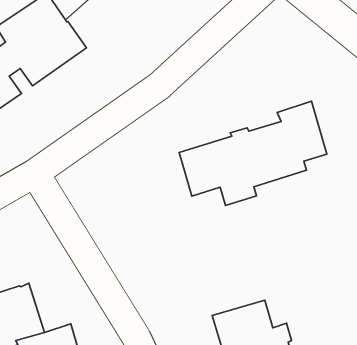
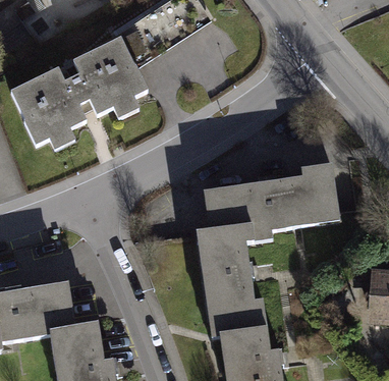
building: none -> [197,226,267,334]

